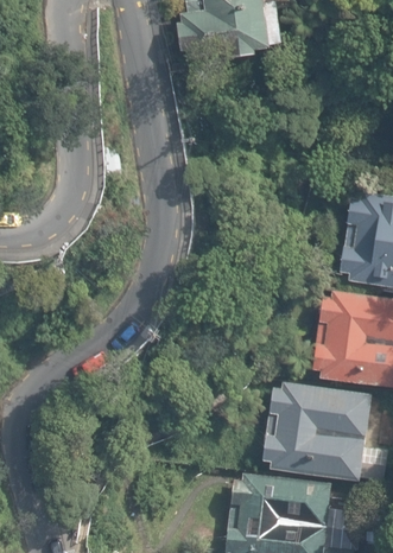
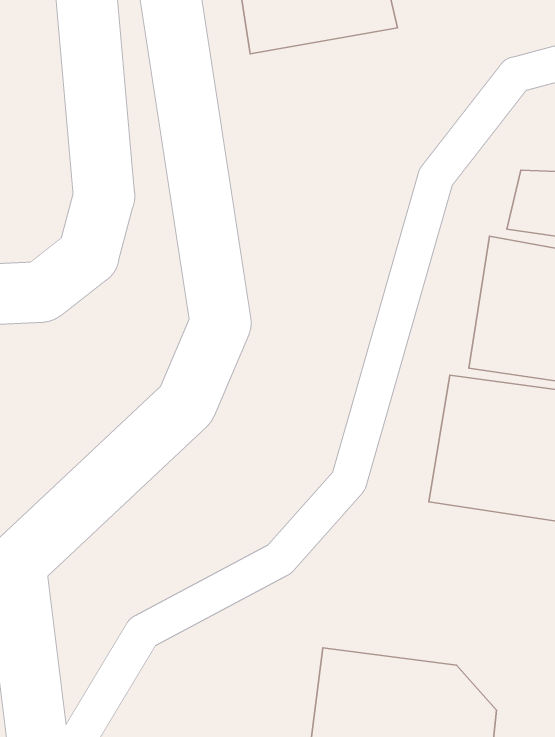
building: [260,377,366,476] -> none

